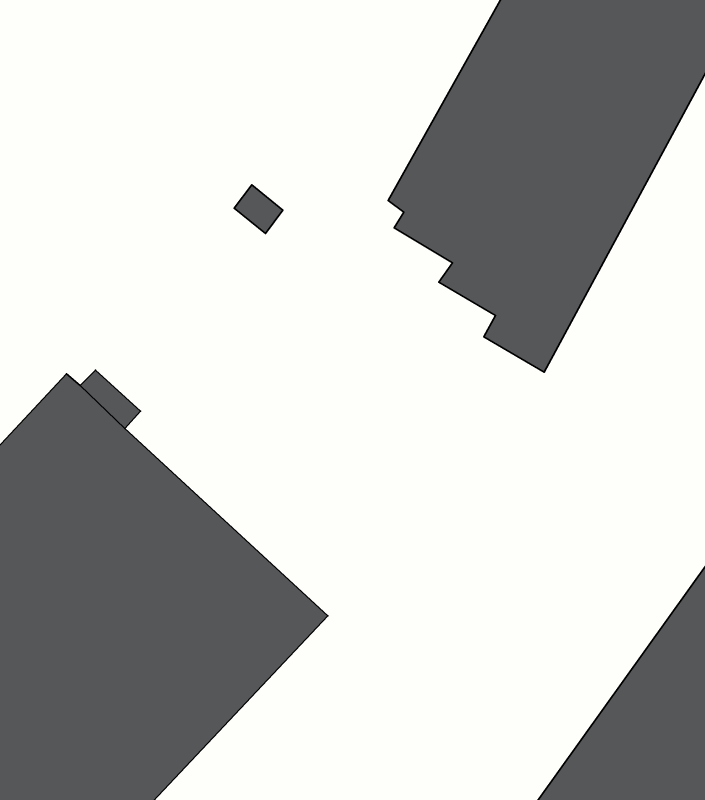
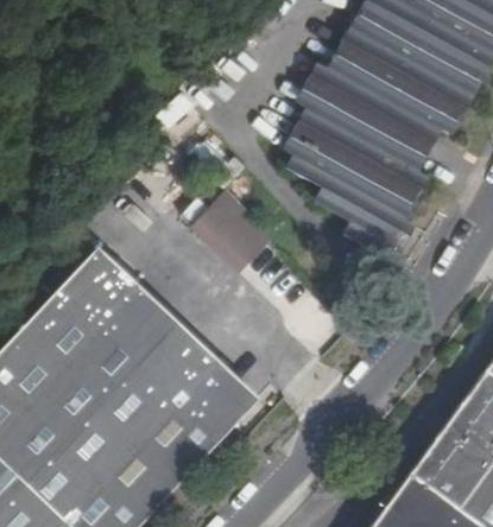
building: none -> [179,199,268,278]

